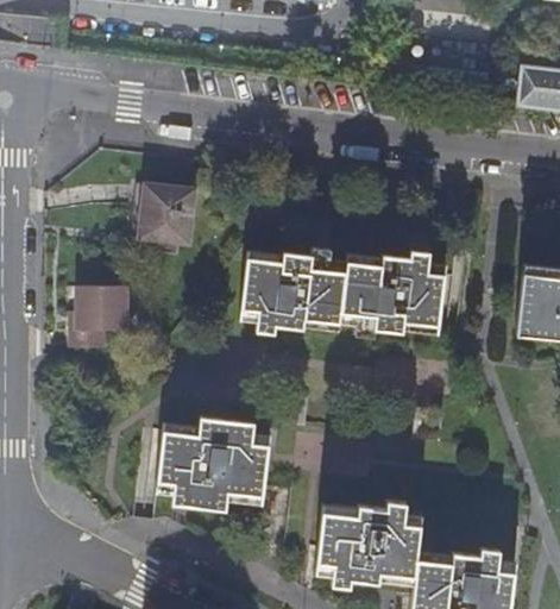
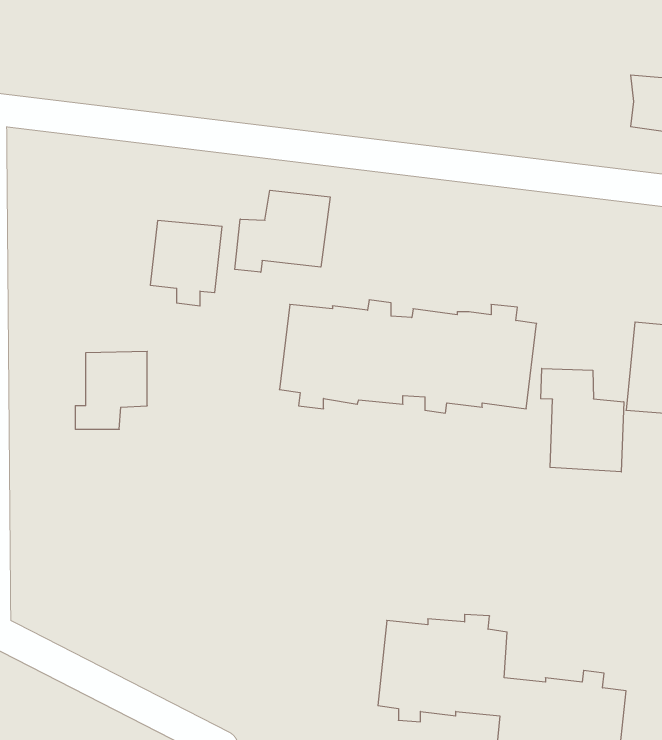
building: none -> [235,190,330,272]
building: none -> [541,368,624,472]
building: [158,419,270,514] -> none

